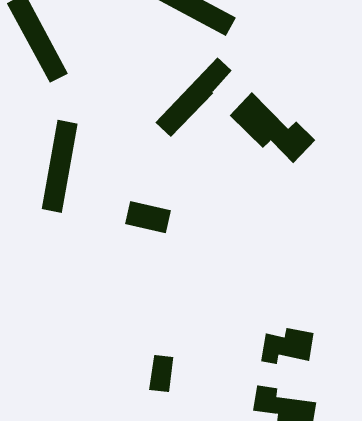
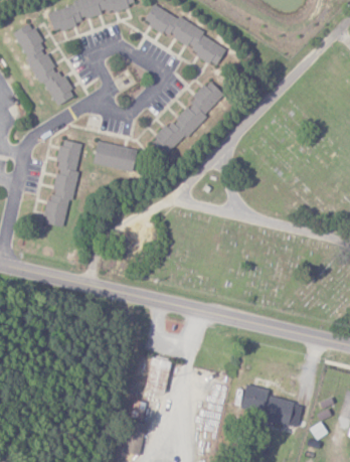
building: [229,91,316,164] -> none
building: [124,200,172,234] -> [93,141,137,172]
building: [260,327,314,365] -> none

